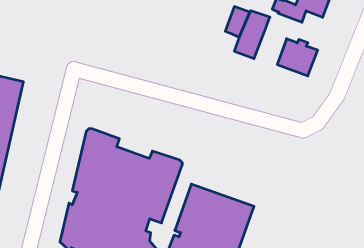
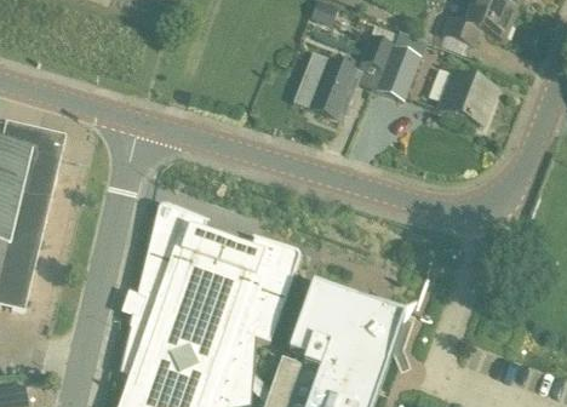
building: none -> [291,52,360,120]

